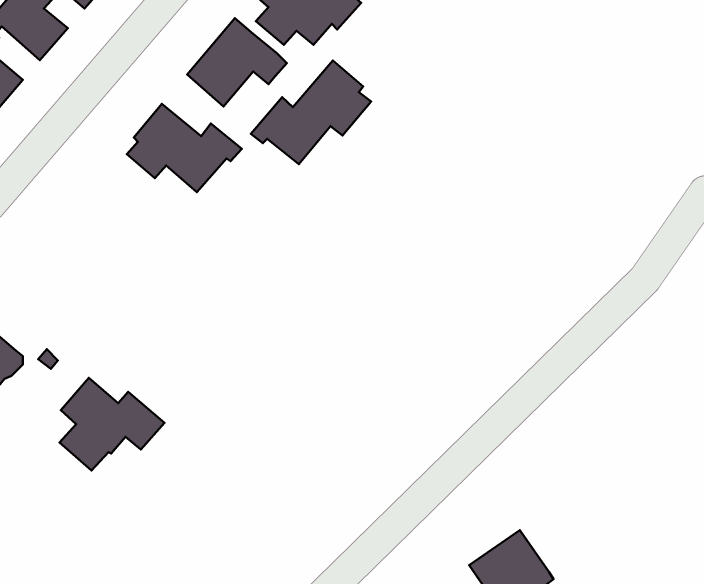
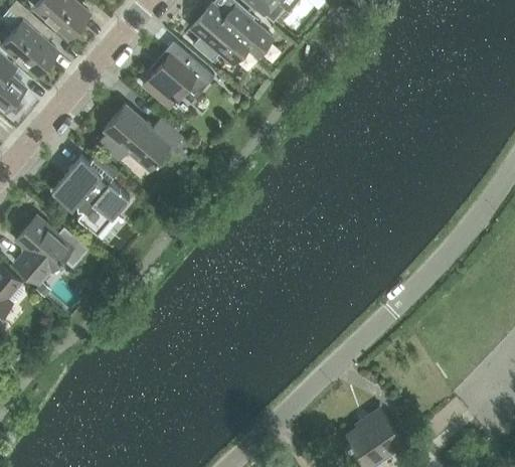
building: [251,61,371,164] -> none
building: none -> [56,155,129,235]
building: [59,378,165,470] -> [14,216,90,283]

